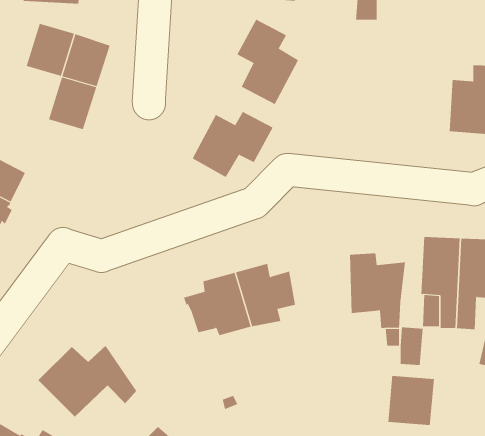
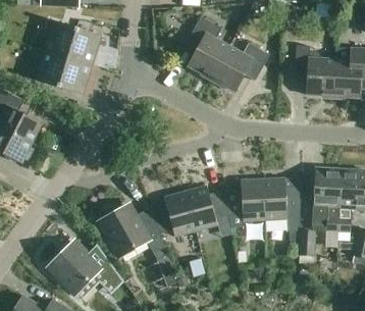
building: none -> [295,45,334,95]
building: none -> [33,50,66,87]
building: [192,111,274,178] -> [213,44,269,90]
building: none -> [223,179,265,226]
building: none -> [102,205,167,258]
building: [388,375,435,426] -> none

